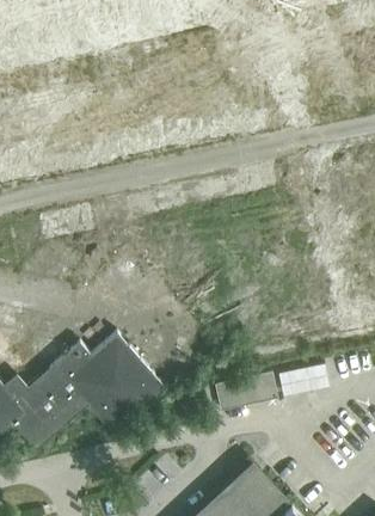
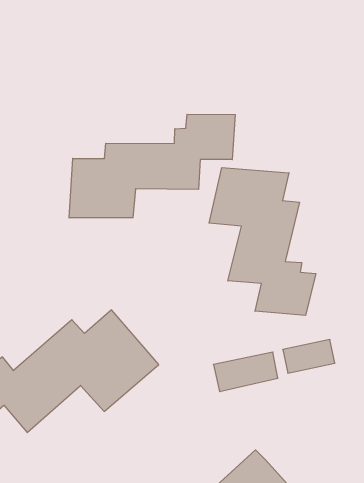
building: none -> [69,114,235,218]
building: none -> [209,168,316,315]

